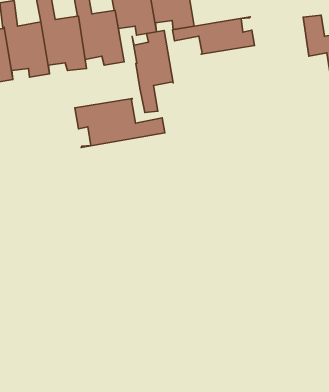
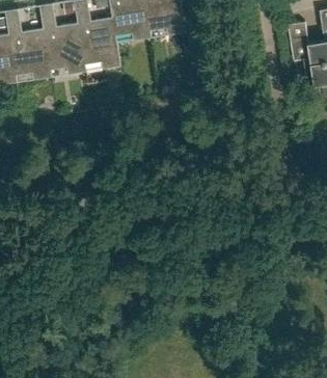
building: [172,17,254,54] -> none
building: [132,30,173,112] -> none
building: [75,99,165,148] -> none

